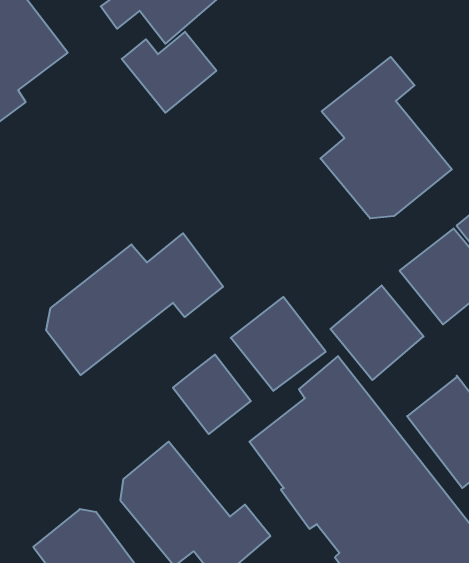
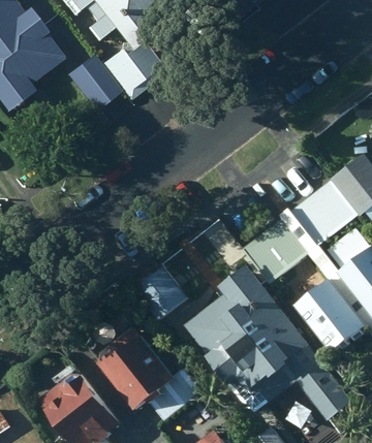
building: none -> [65,54,121,112]
building: [320,57,452,219] -> none
building: [46,233,223,375] -> none
building: [231,297,326,391] -> none

